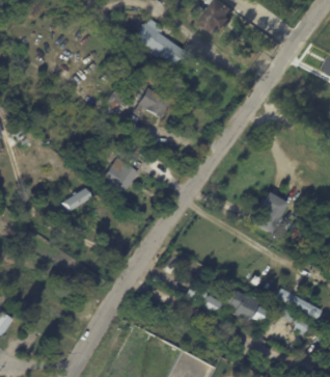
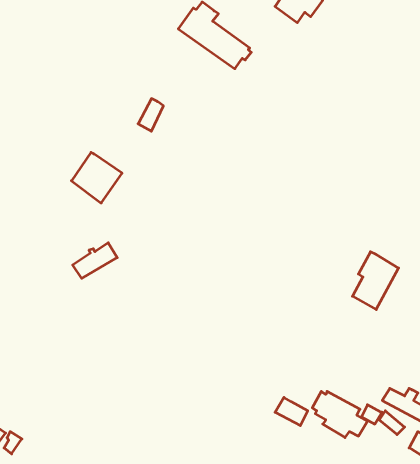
building: [133,88,169,117] -> none
building: [103,158,138,193] -> [71,152,122,203]

